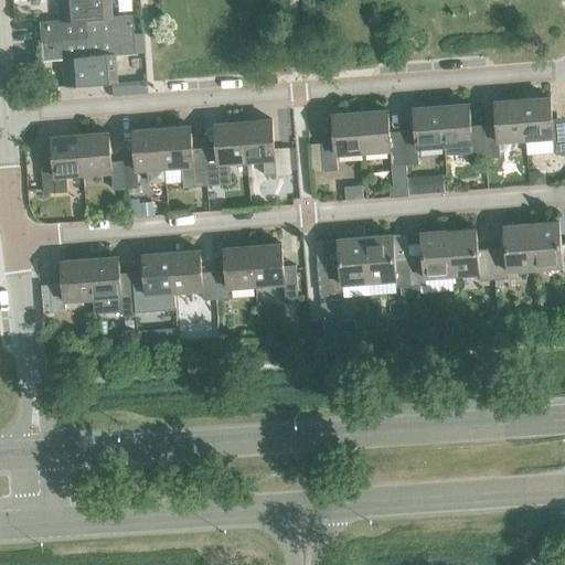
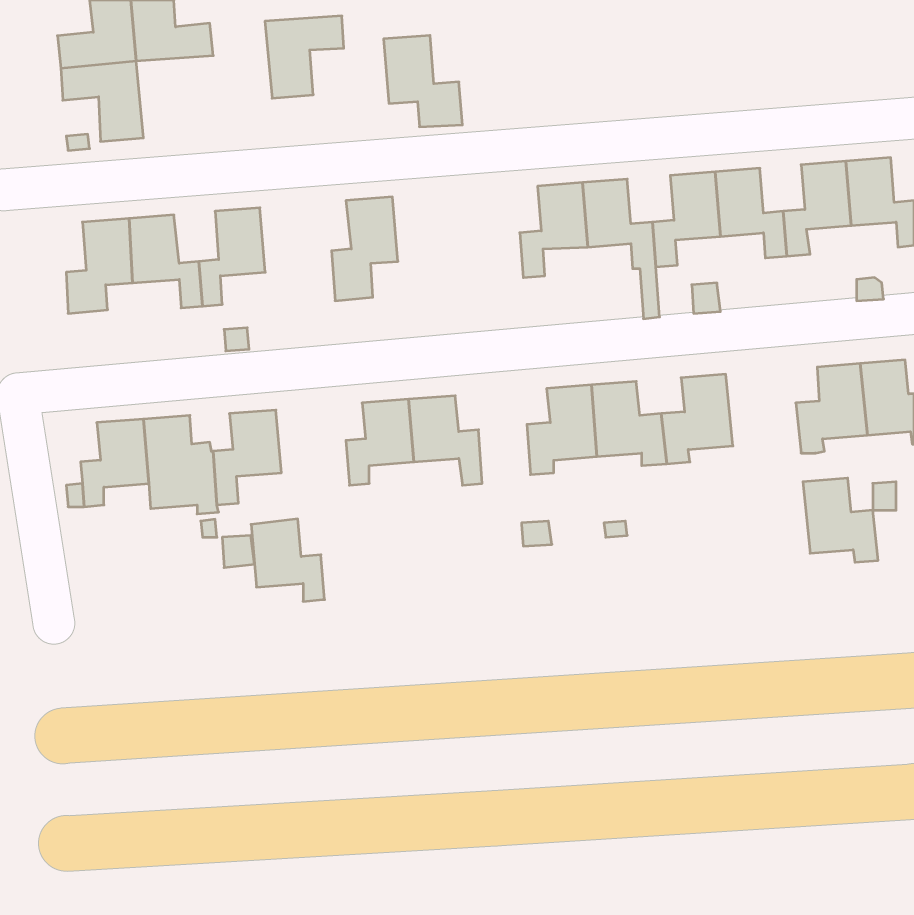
building: [84,34,132,85] -> [265,16,344,98]
building: [242,119,290,175] -> [384,35,462,127]
building: [160,126,206,188] -> none
building: [447,228,493,280] -> [803,478,878,562]
building: [170,249,215,300] -> [251,519,325,601]

